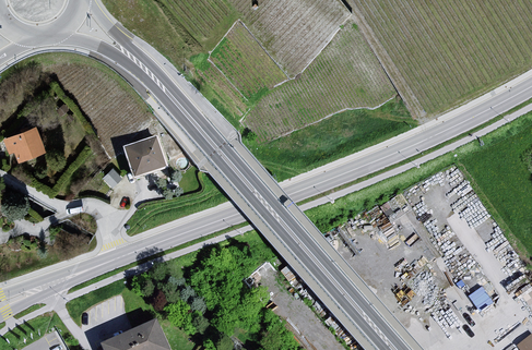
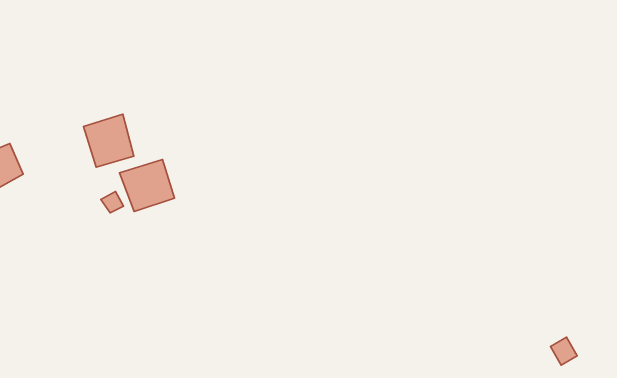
building: none -> [83,114,134,167]

